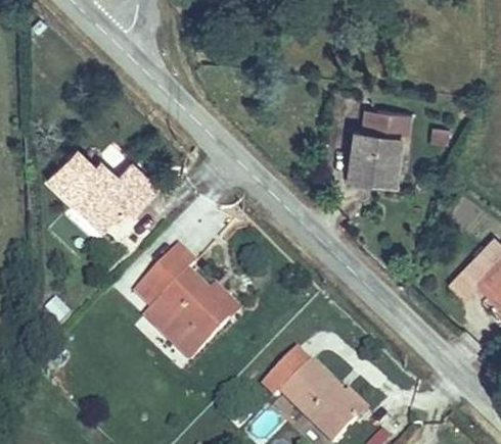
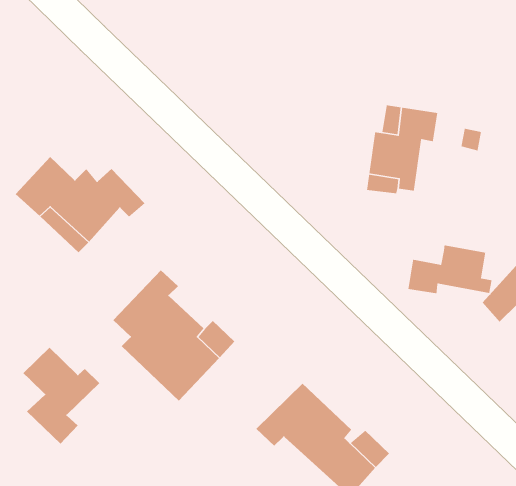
building: none -> [408,245,492,294]
building: none -> [22,347,100,445]

